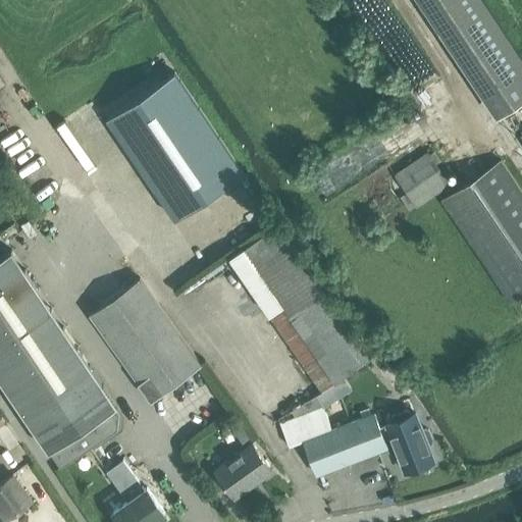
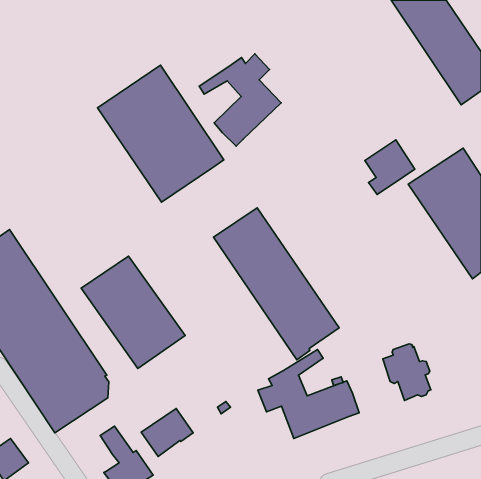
building: none -> [199,54,281,146]
building: [380,412,432,473] -> [383,344,431,400]
building: [215,447,271,499] -> [141,408,193,457]

